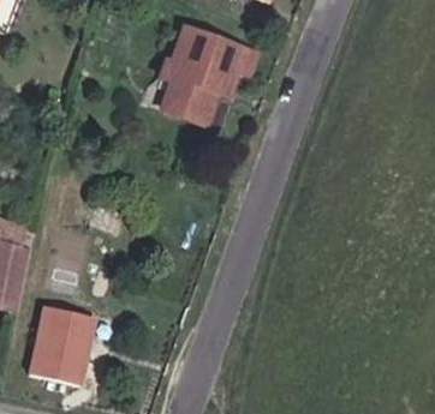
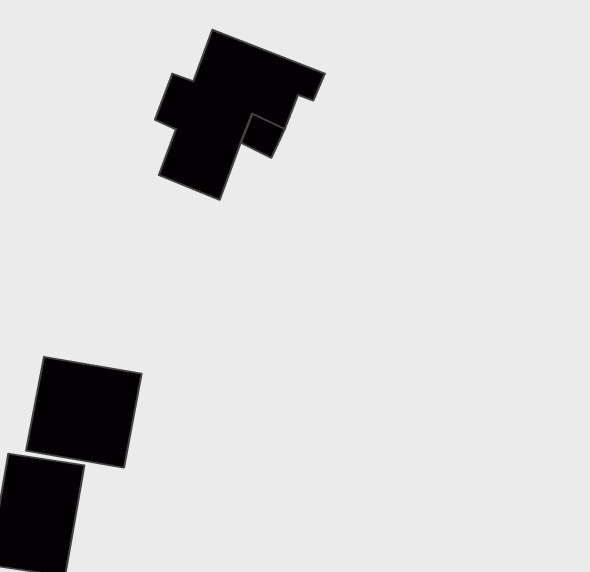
building: none -> [26,357,142,468]

